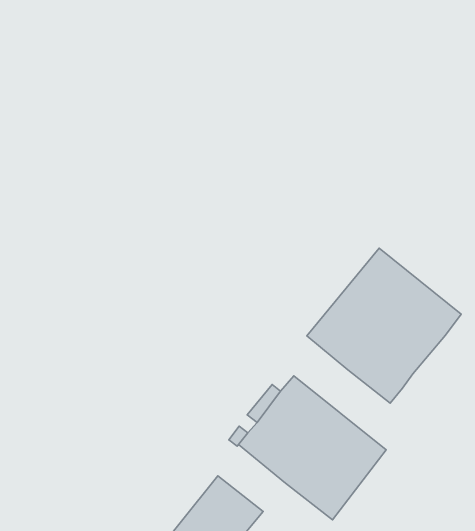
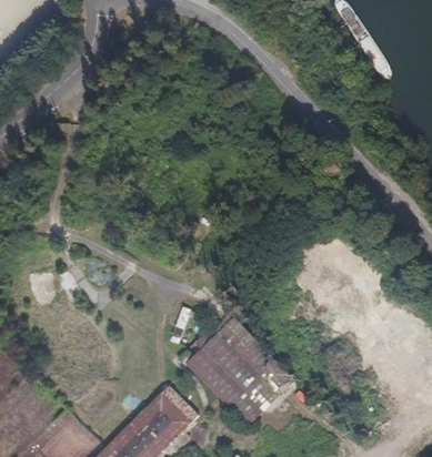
building: [307,248,461,403] -> none

